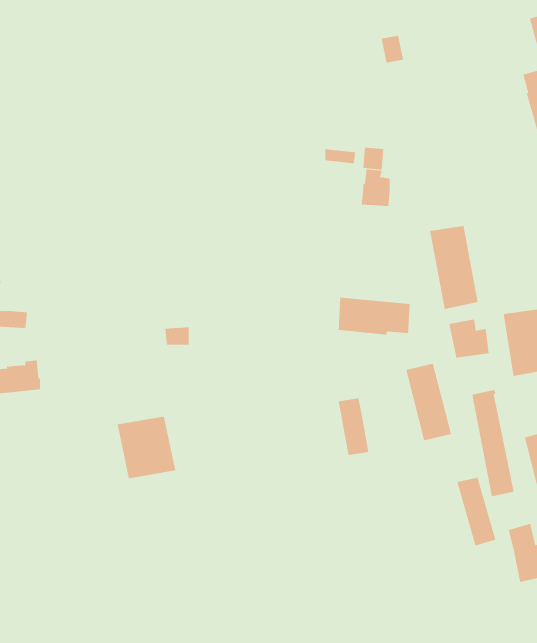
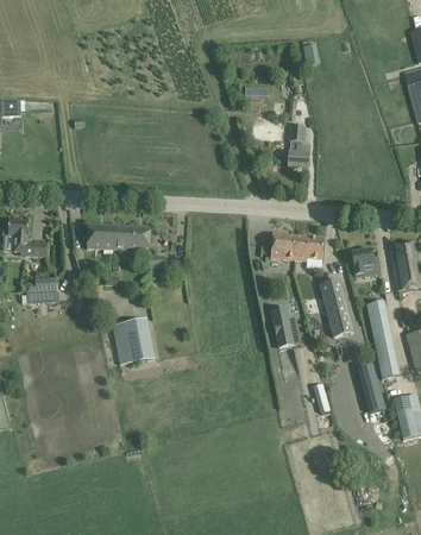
building: [430,225,478,310] -> none
building: none -> [87,225,150,250]

